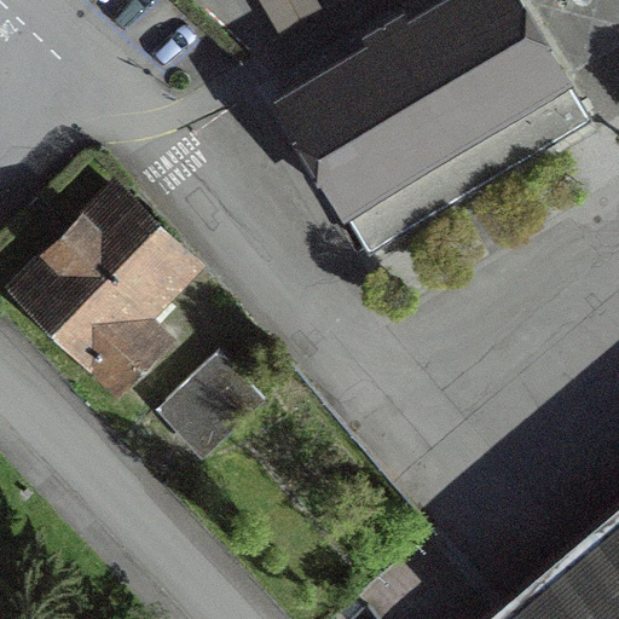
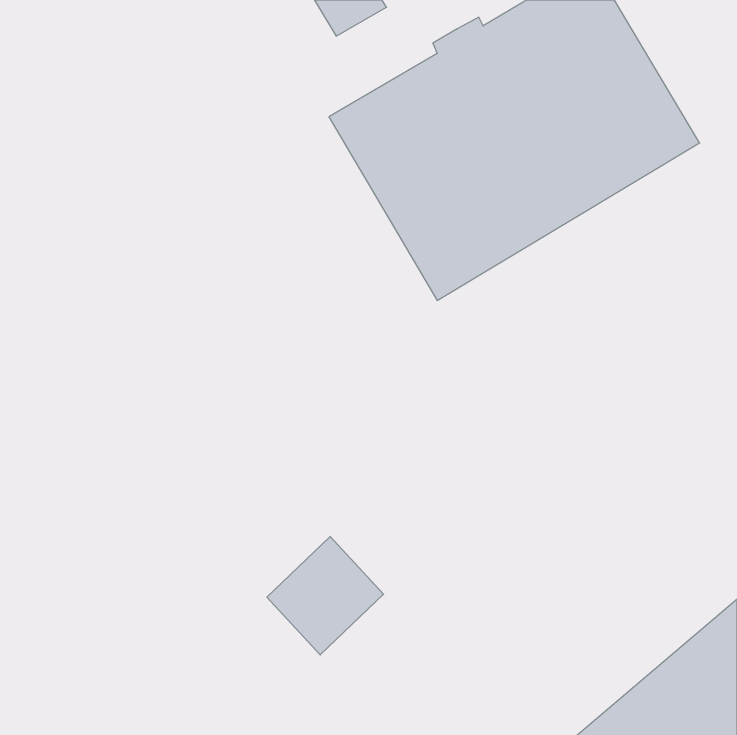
building: [21,195,183,383] -> none
building: [163,353,261,452] -> [267,537,384,655]

